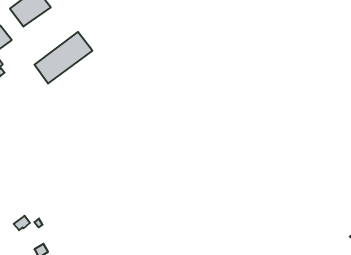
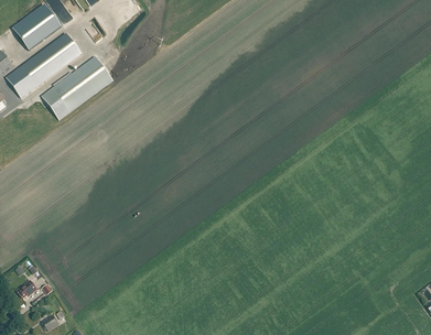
building: none -> [8,33,82,97]

